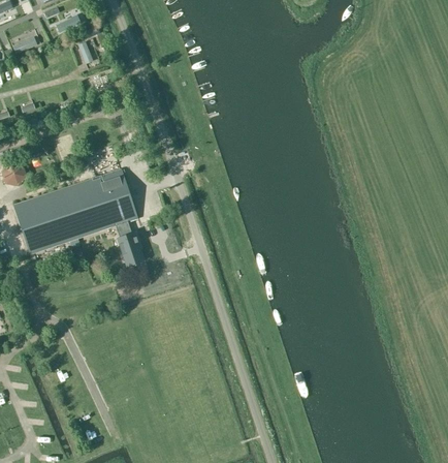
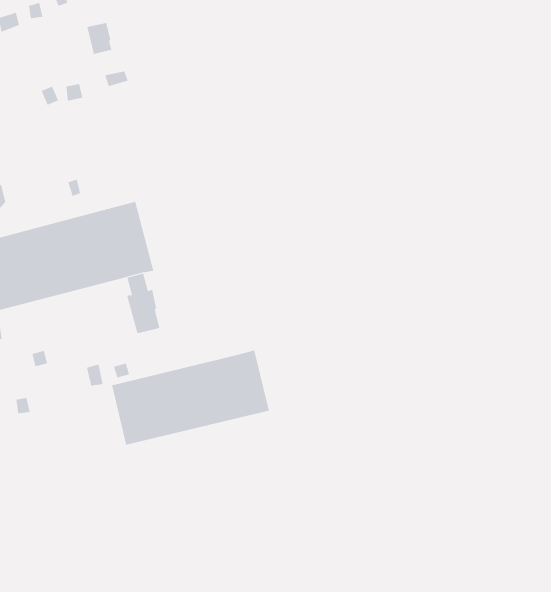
building: none -> [111,349,269,445]

